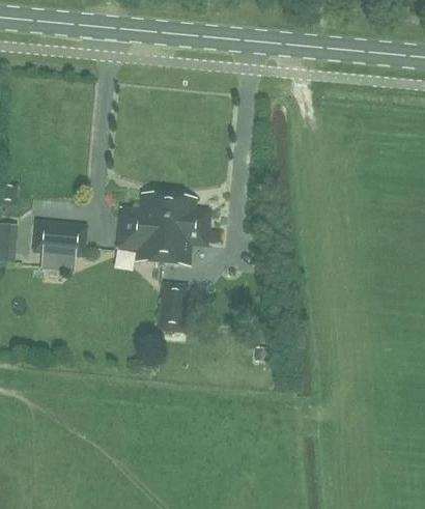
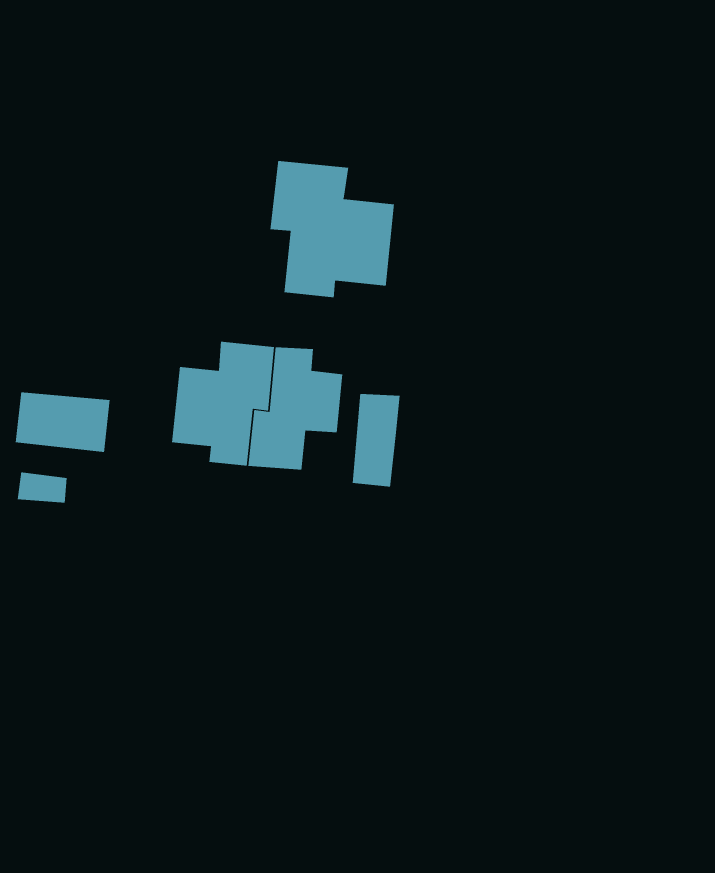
building: none -> [270,160,395,298]
building: [159,278,185,328] -> [352,393,401,487]

